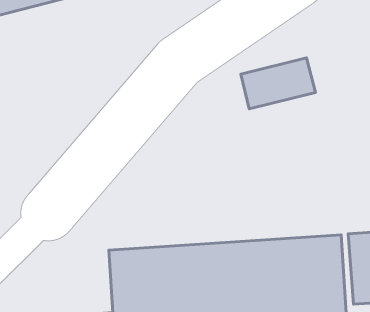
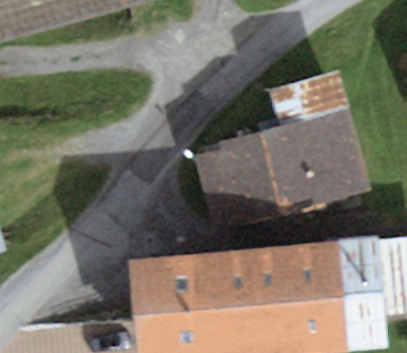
building: none -> [221,122,335,222]

